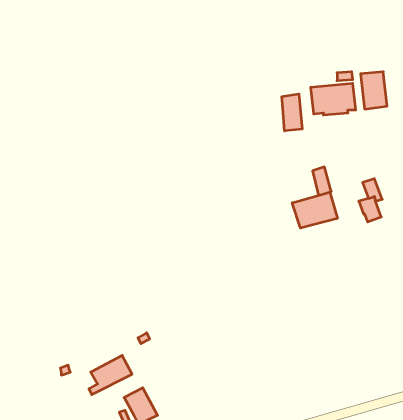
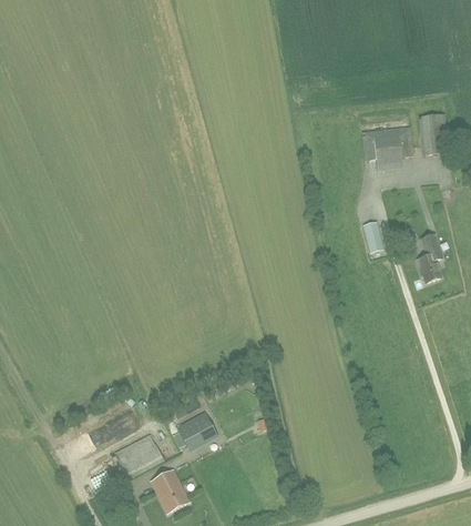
building: [282,94,302,131] -> none
building: [292,192,337,228] -> none
building: none -> [176,413,214,446]

